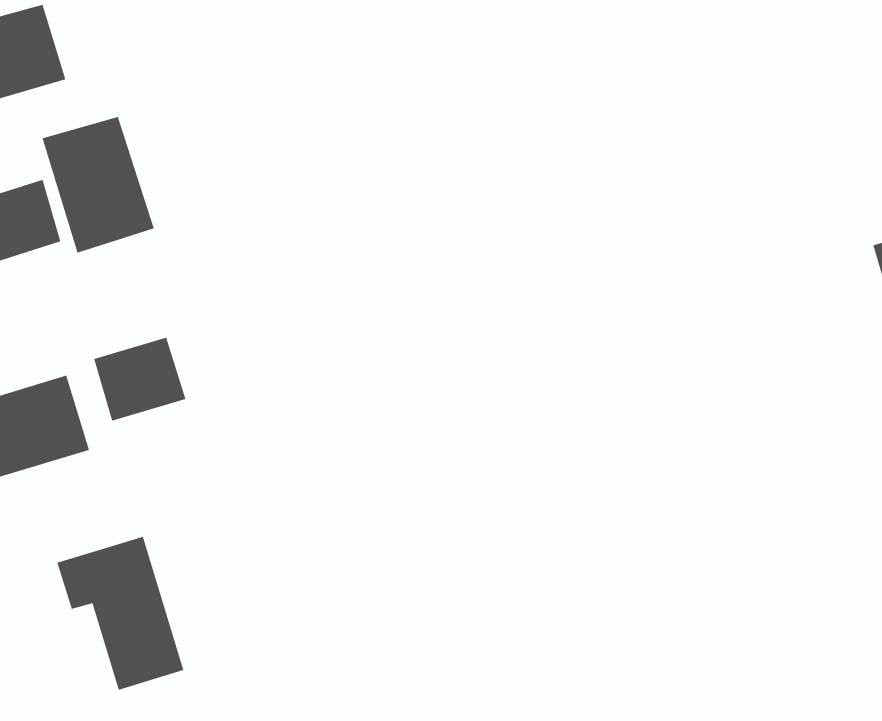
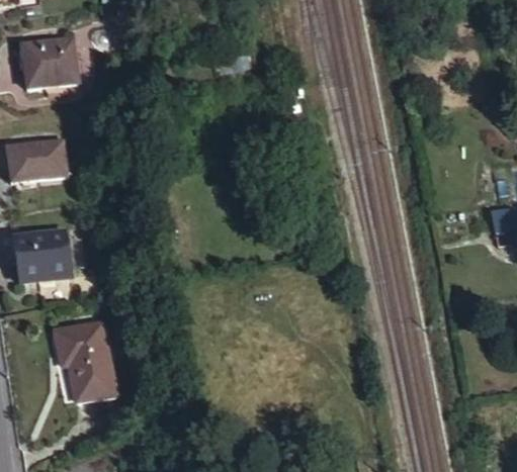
building: [42,116,154,253] -> none
building: [94,337,186,422] -> none

